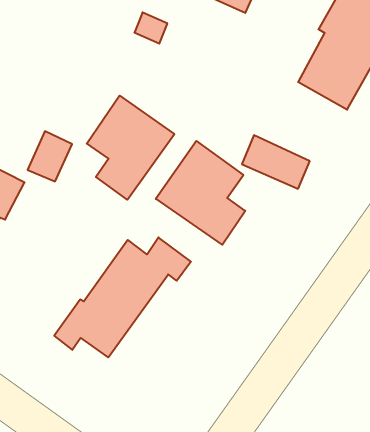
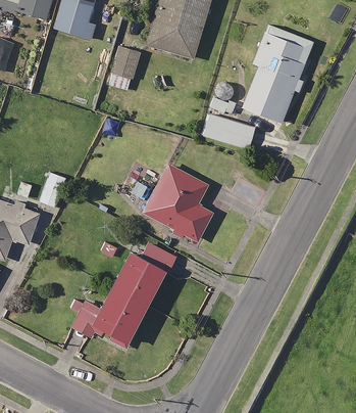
building: [87,96,174,200] -> none
building: [242,135,310,189] -> [204,112,256,149]

